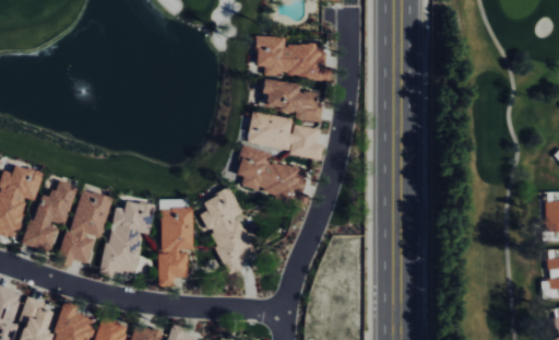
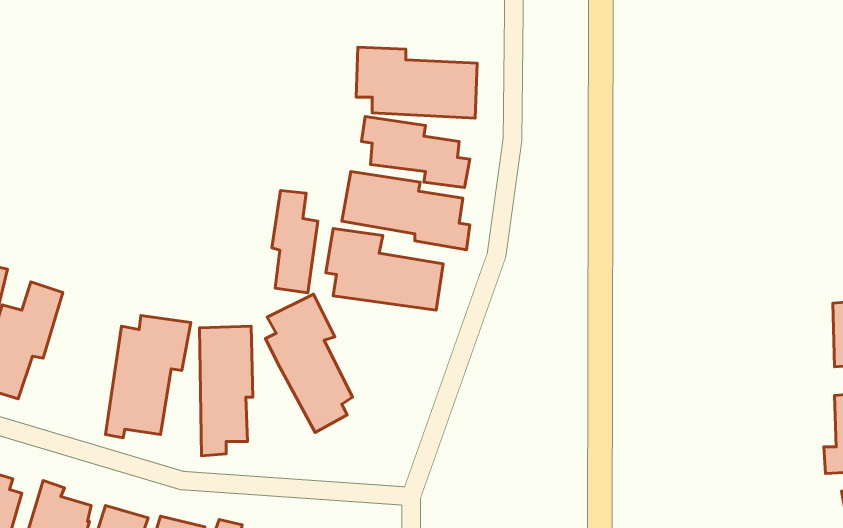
building: none -> [272,190,318,293]
building: [58,188,111,267] -> none

